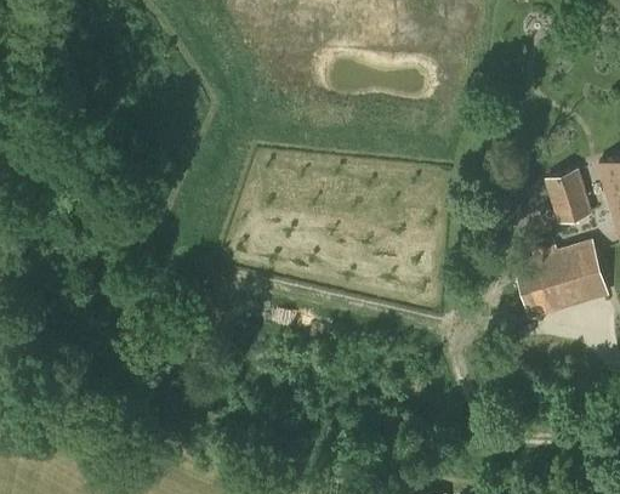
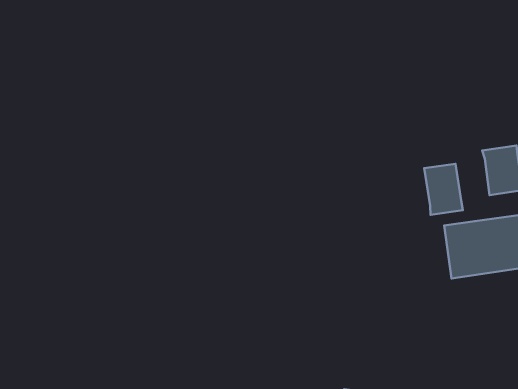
building: none -> [424,164,463,215]

